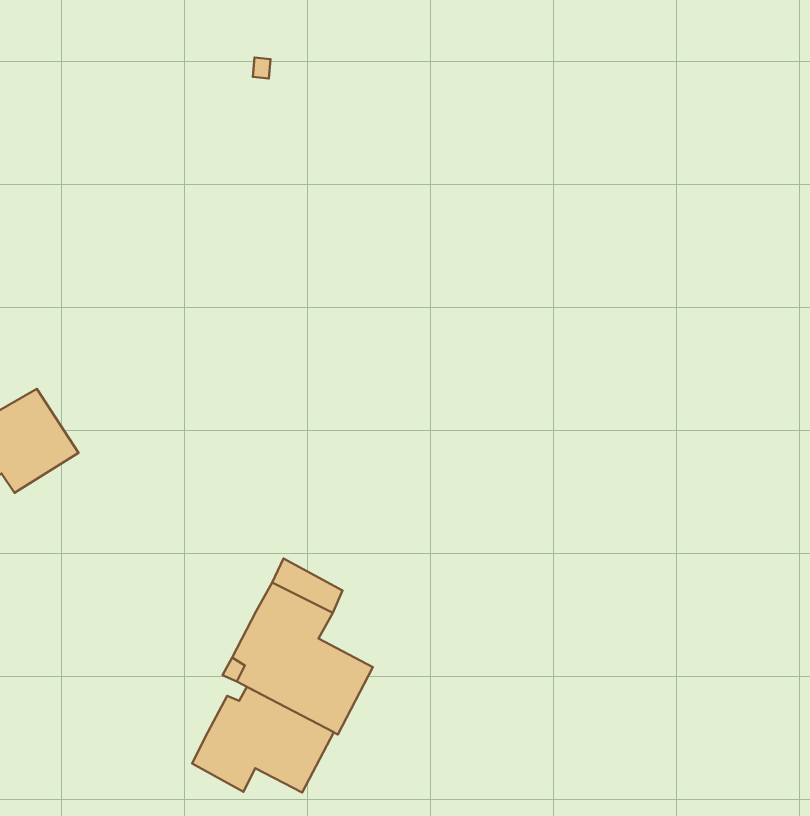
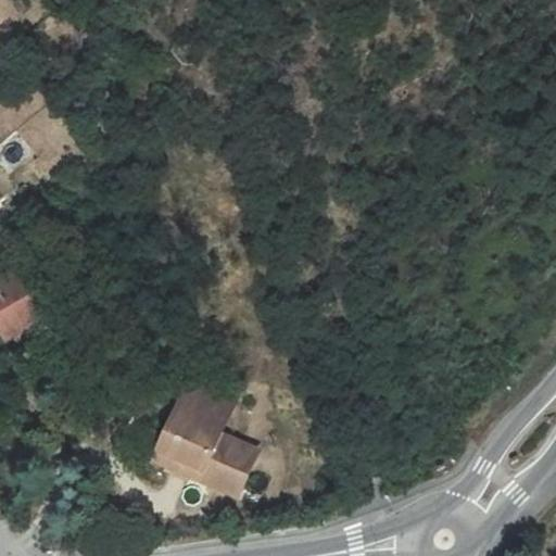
building: [192,687,334,793] -> none

